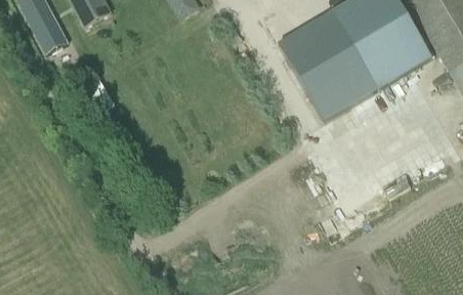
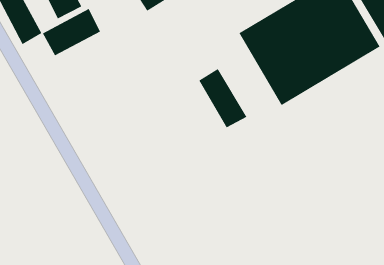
building: none -> [42,8,101,56]
building: none -> [198,68,247,128]

